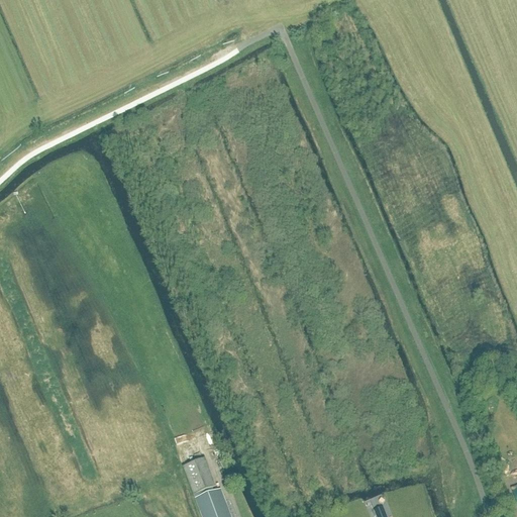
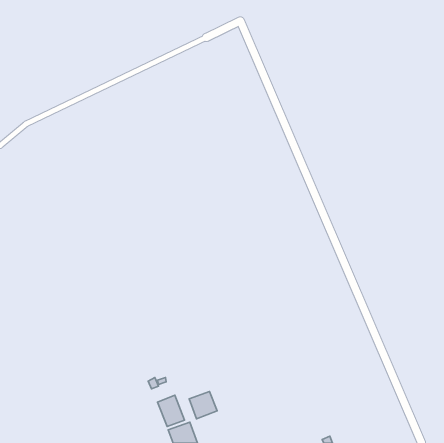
building: none -> [189,391,217,419]

